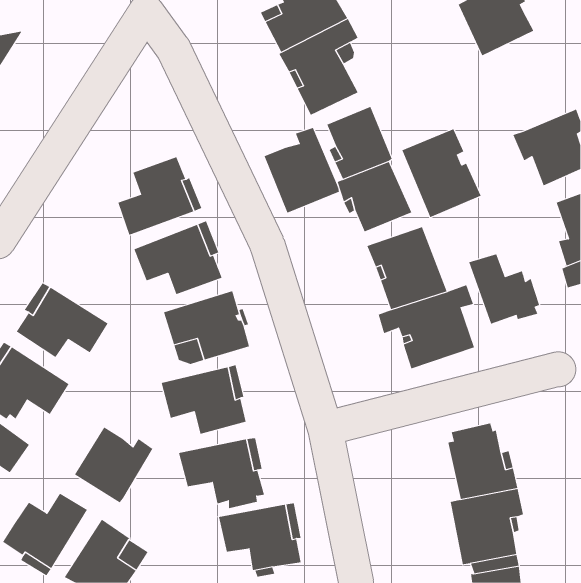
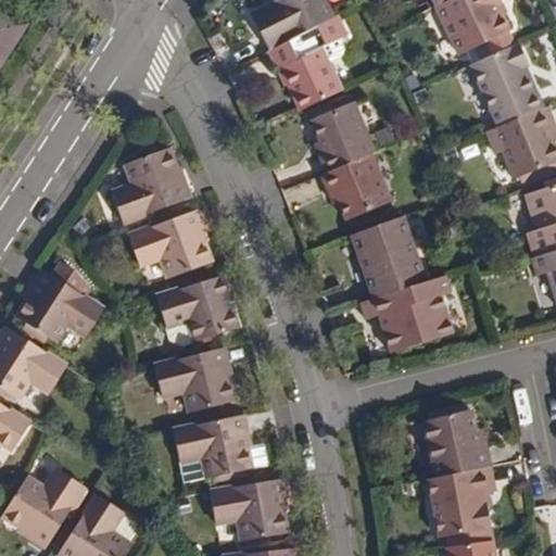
building: [264,127,340,213] -> none
building: [401,129,481,218] -> [470,40,546,125]
building: [468,254,540,324] -> none
building: [74,426,153,503] -> none

